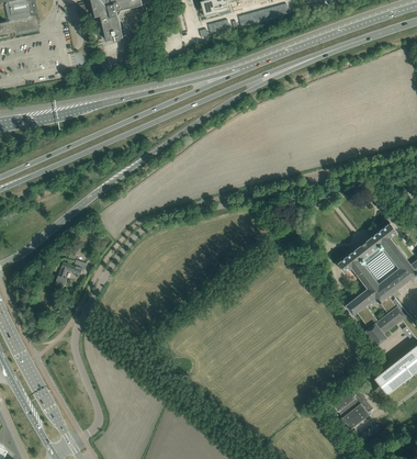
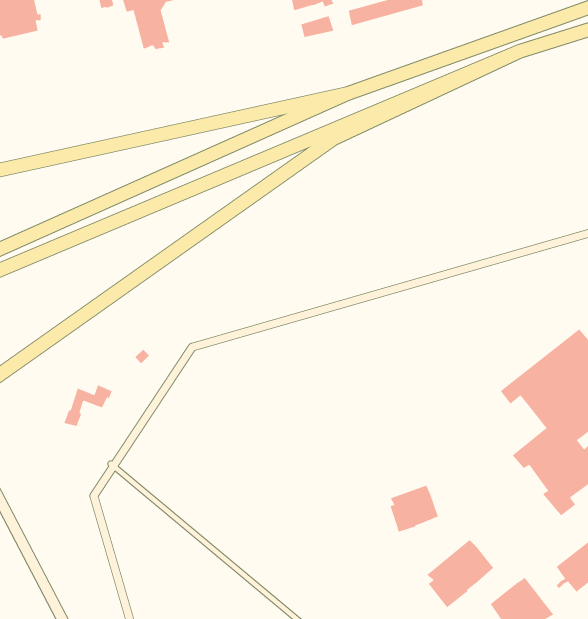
building: none -> [390,485,438,533]
building: none -> [426,539,494,608]

